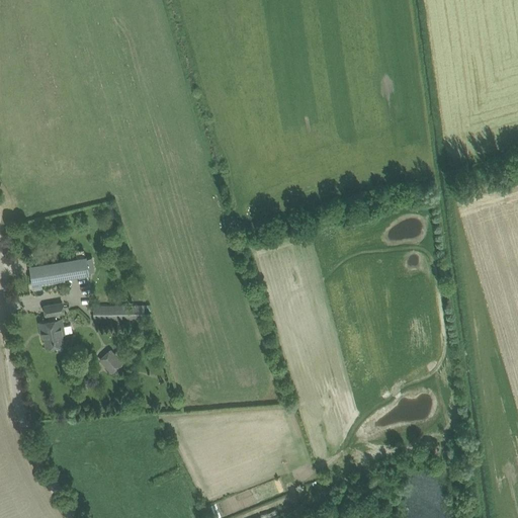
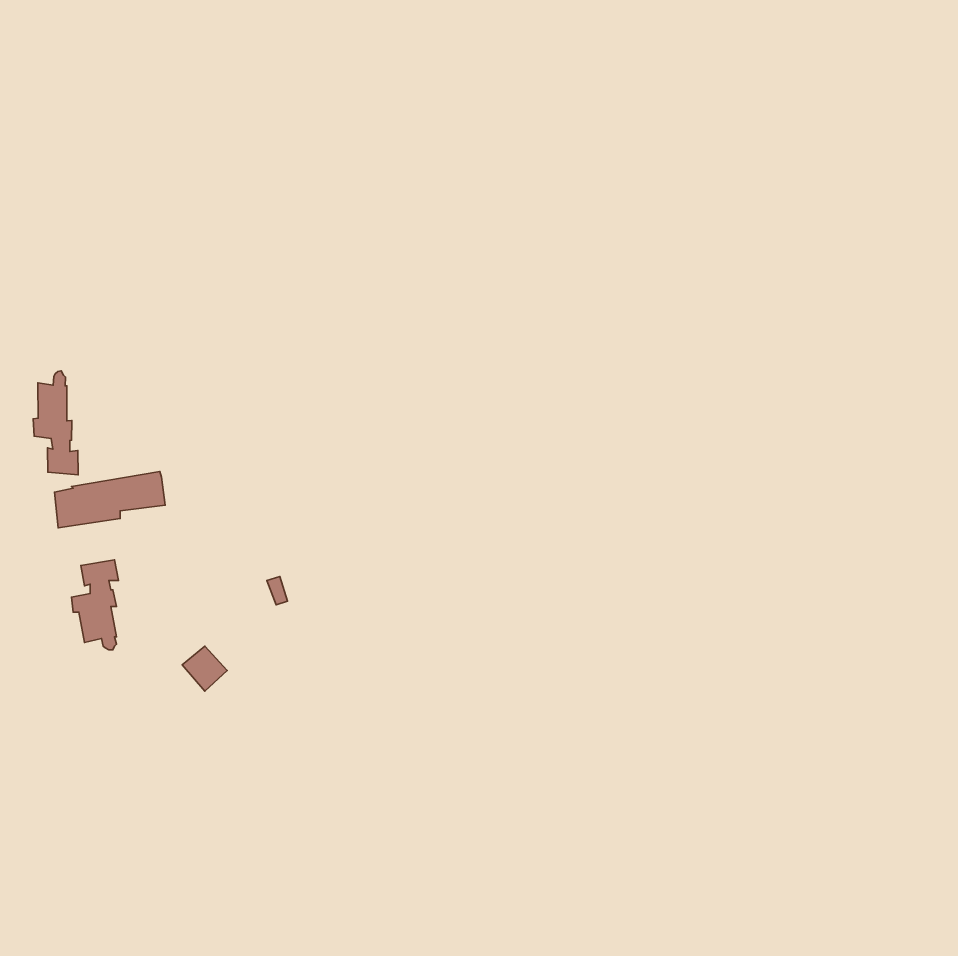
building: none -> [33,371,78,475]
building: [93,306,141,323] -> none

